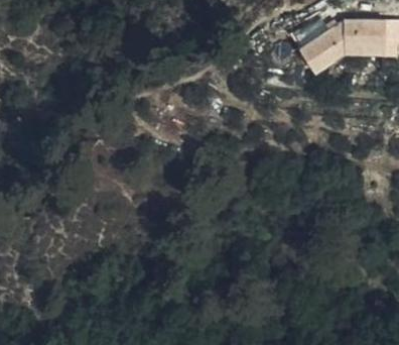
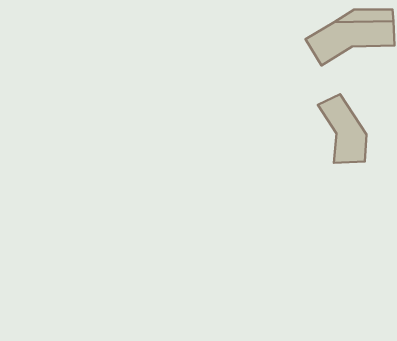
building: none -> [318,94,367,163]

